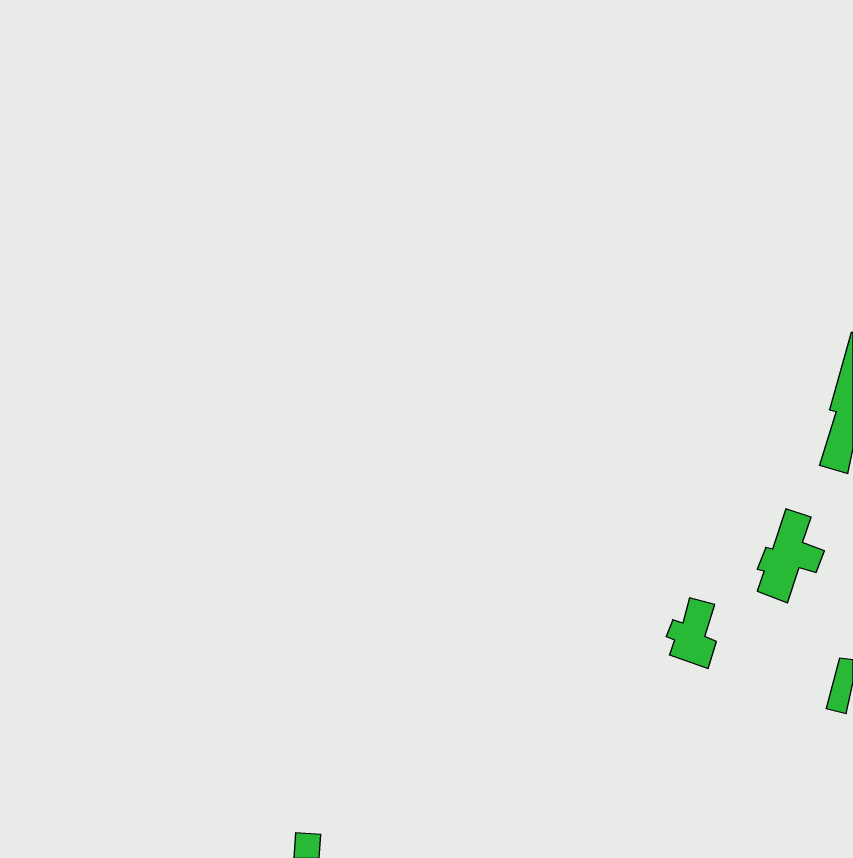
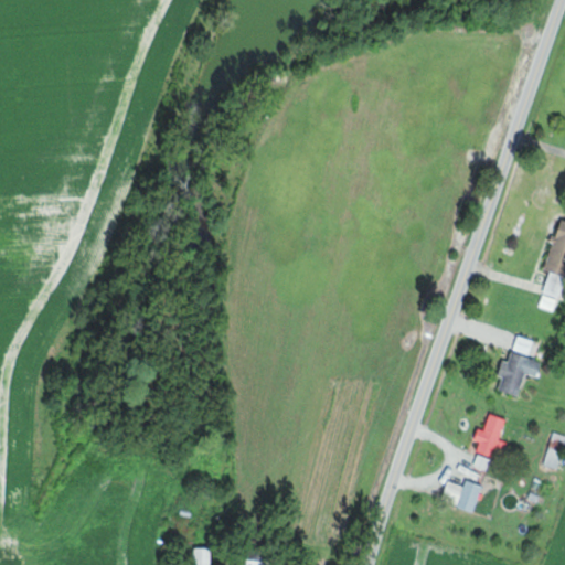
building: [666,598,716,668] -> [473,414,507,460]
building: none -> [440,479,482,511]

